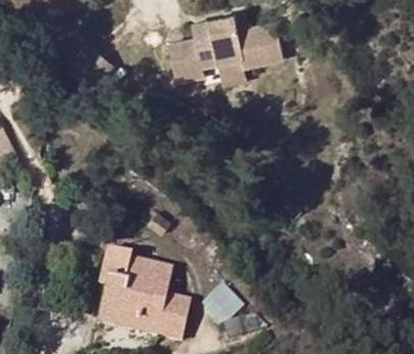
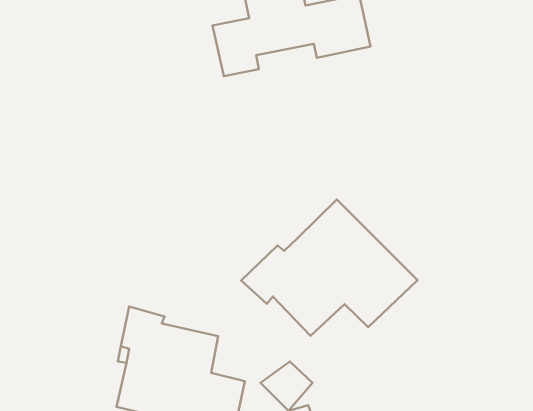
building: none -> [241,199,417,336]

